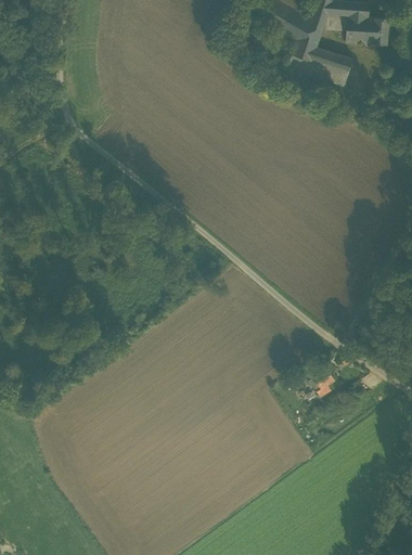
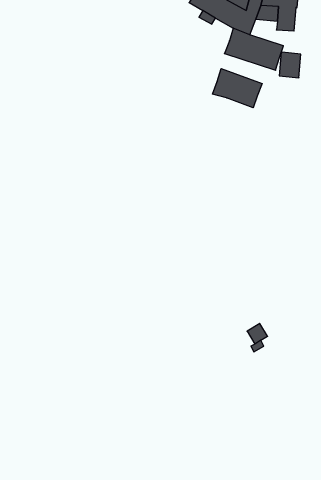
building: [365,18,389,47] -> [279,52,301,78]
building: none -> [212,69,262,108]

